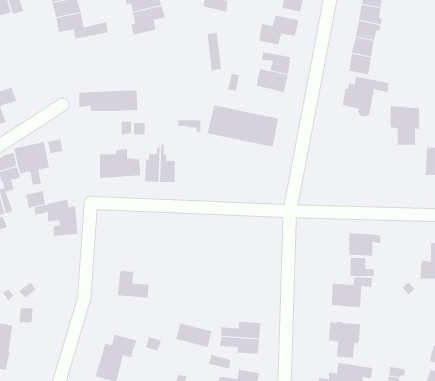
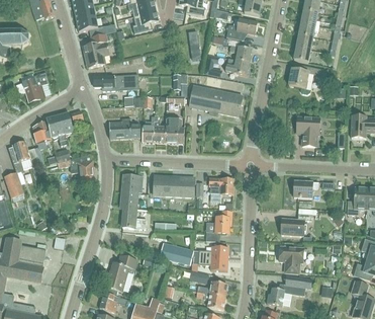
building: none -> [82,34,108,68]
building: [390,106,420,145] -> [296,116,318,146]
building: none -> [165,116,183,144]
building: none -> [120,174,142,209]
building: none -> [153,175,194,196]
building: none -> [209,178,232,202]
building: none -> [206,212,231,241]

